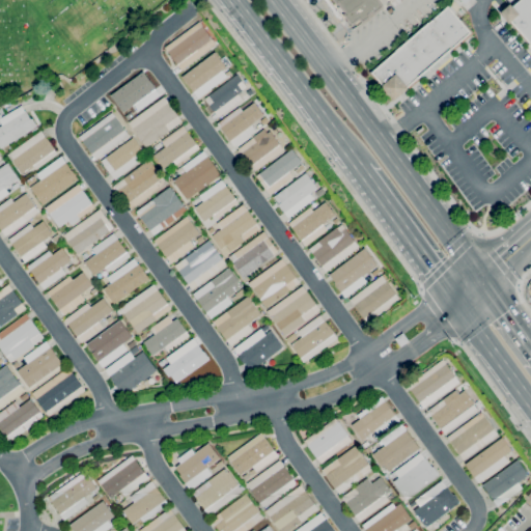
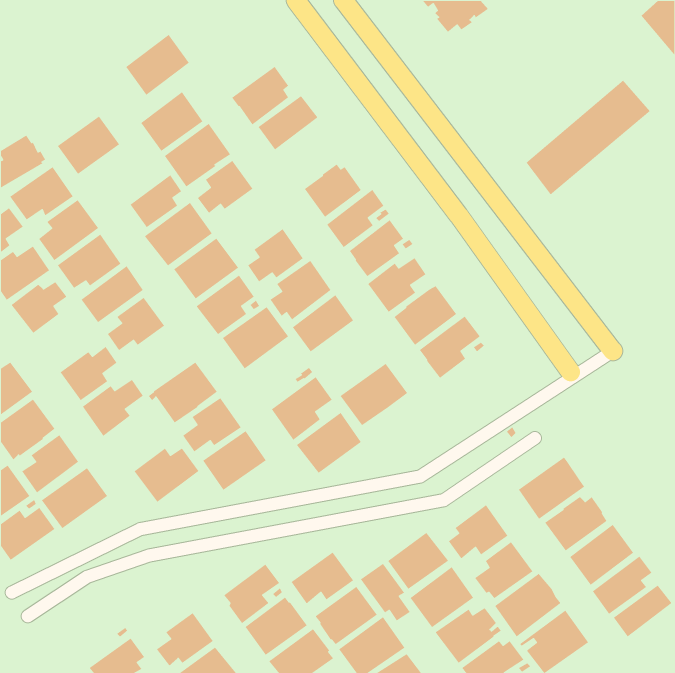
building: [371,9,470,101] -> [525,79,651,196]
building: [165,23,216,72] -> [125,34,190,96]
building: [218,104,264,147] -> none
building: [79,114,129,161] -> [57,116,120,175]
building: [173,151,221,201] -> none
building: [27,249,72,290] -> none
building: [102,259,149,305] -> none
building: [248,259,299,309] -> none
building: [193,269,243,319] -> none
building: [350,276,399,324] -> none
building: [291,315,337,363] -> none
building: [86,320,133,368] -> none
building: none -> [360,563,411,622]
building: [97,456,148,499] -> none
building: [48,472,96,522] -> none

